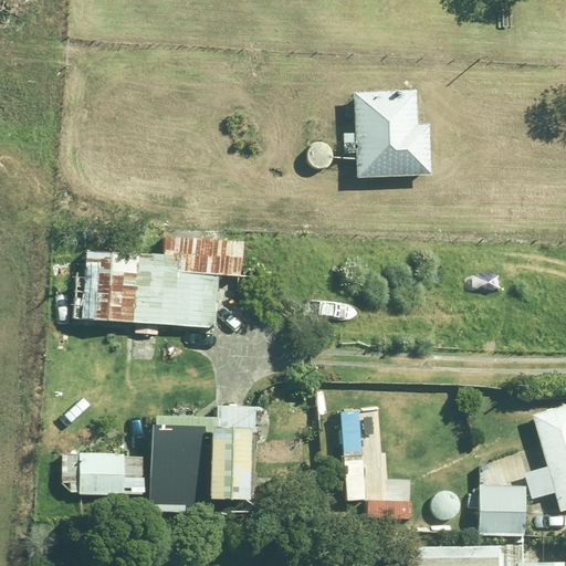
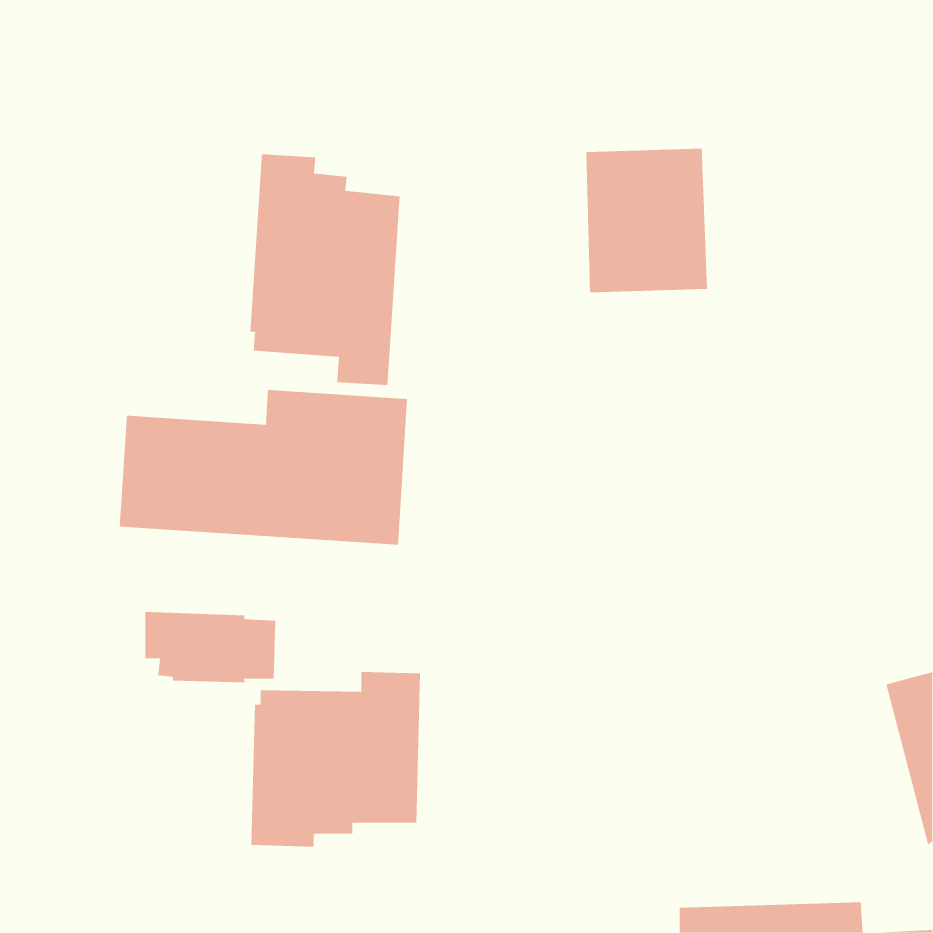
building: none -> [250,154,400,386]
building: [63,452,143,495] -> [145,611,276,683]
building: [476,484,527,532] -> none

